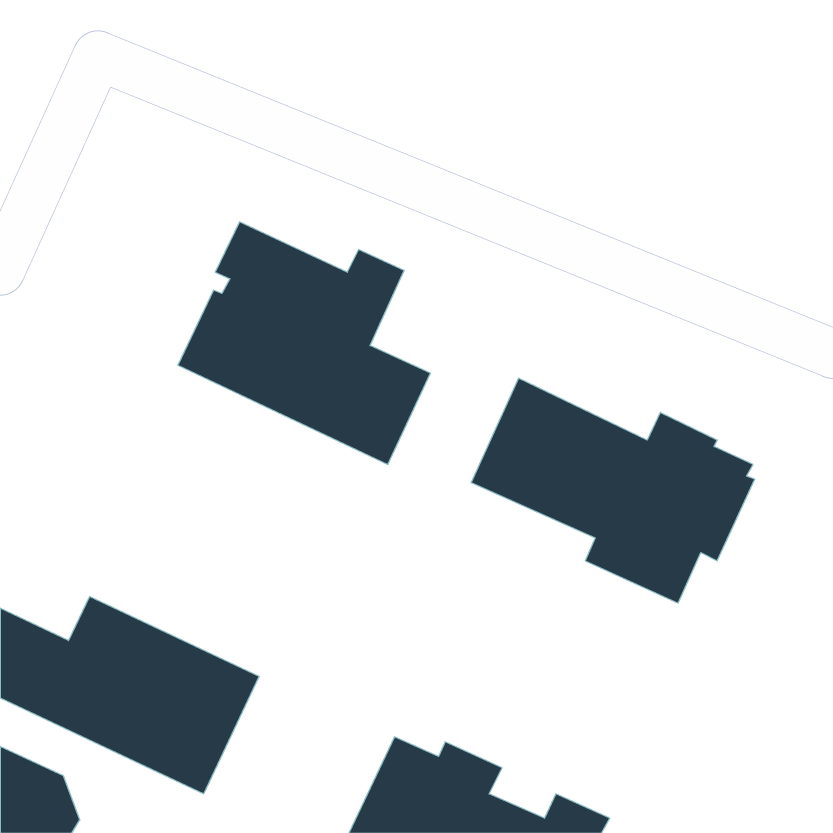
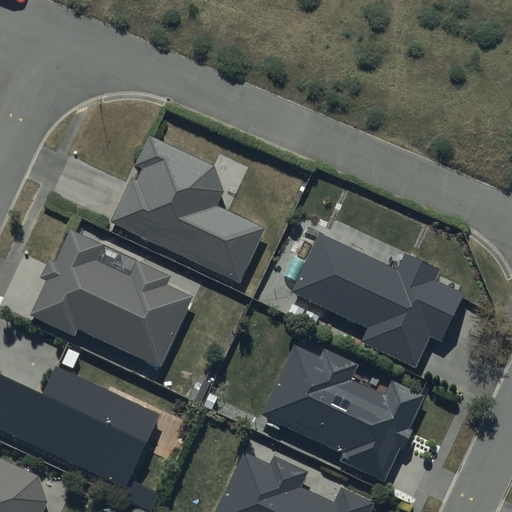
building: none -> [28,229,192,370]
building: none -> [258,345,422,485]

